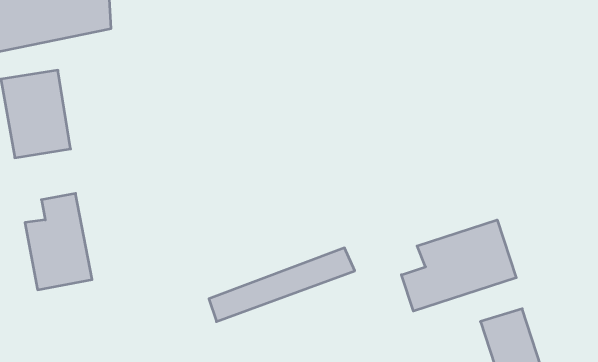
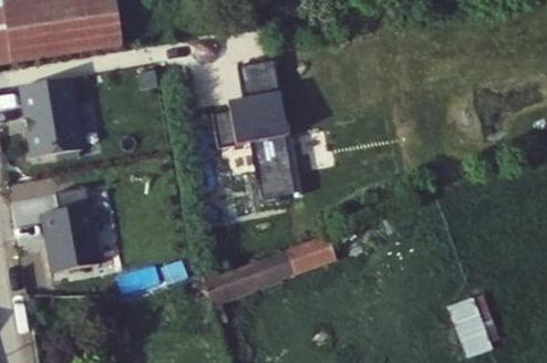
building: none -> [208,58,293,198]
building: [401,220,516,311] -> none

